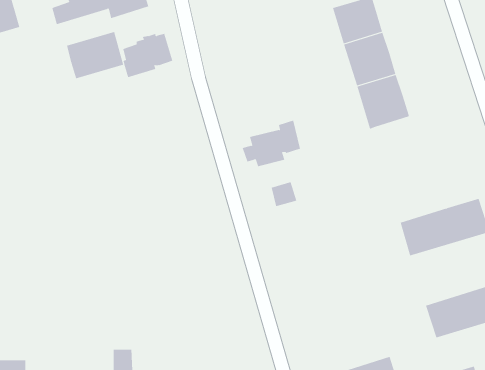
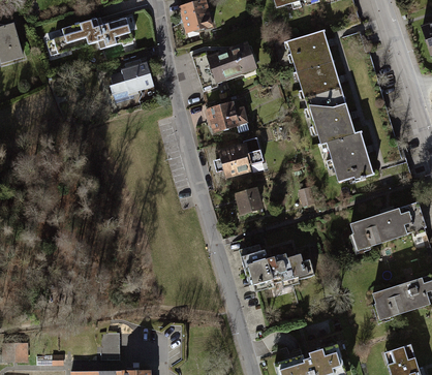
building: none -> [190,43,254,91]
building: [66,31,124,79] -> none
building: none -> [207,102,248,132]
building: none -> [327,131,372,182]
building: none -> [239,248,315,295]

